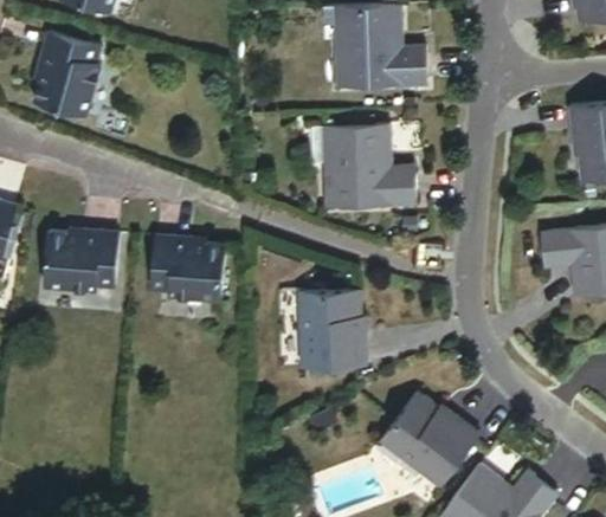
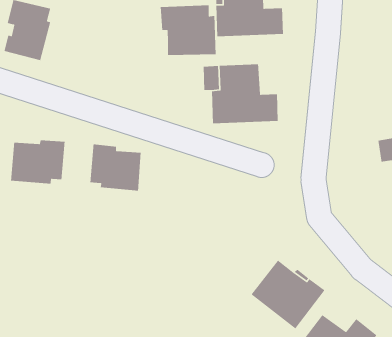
building: none -> [160,5,217,56]
building: [299,292,370,370] -> none

